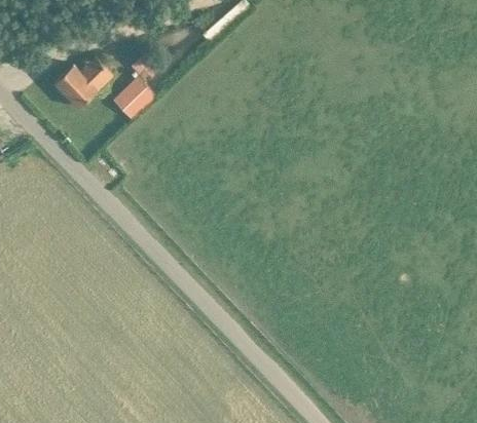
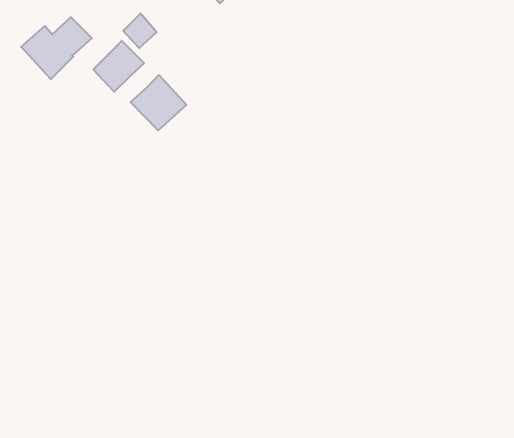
building: none -> [131,75,186,130]

